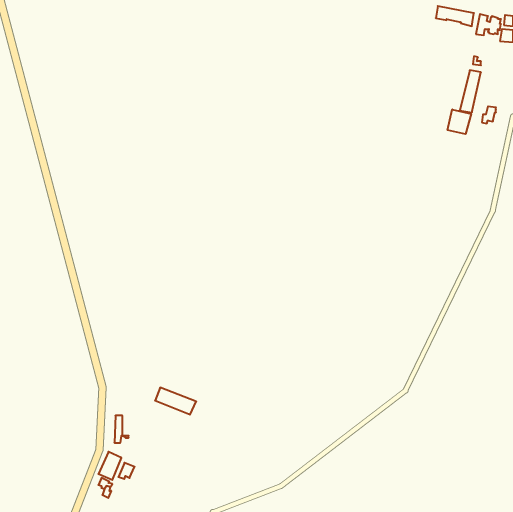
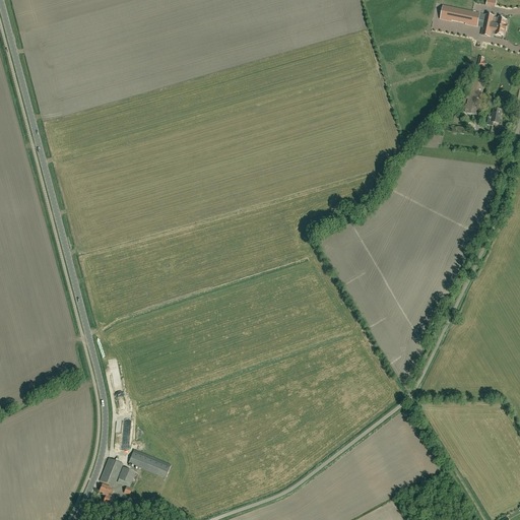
building: [448,109,471,134] -> none
building: [155,388,196,415] -> [129,449,171,476]

